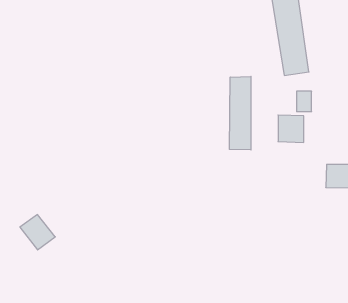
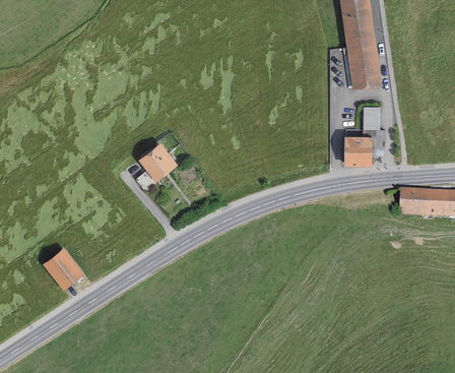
building: [229,76,251,150] -> none
building: none -> [135,141,174,180]

